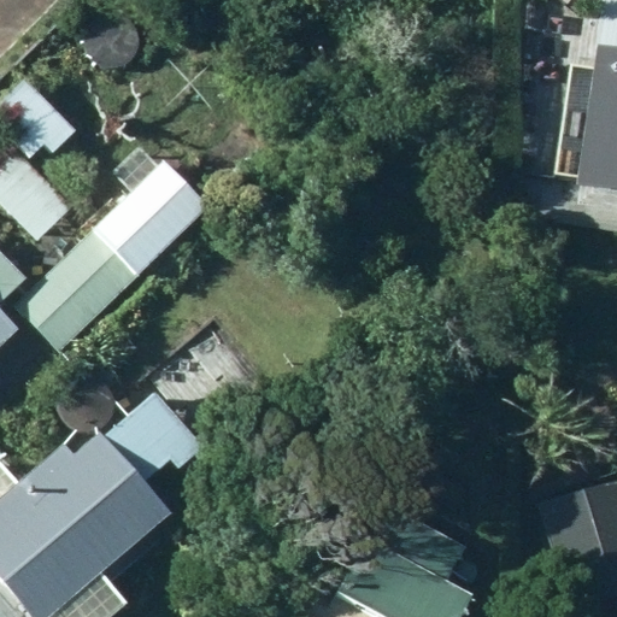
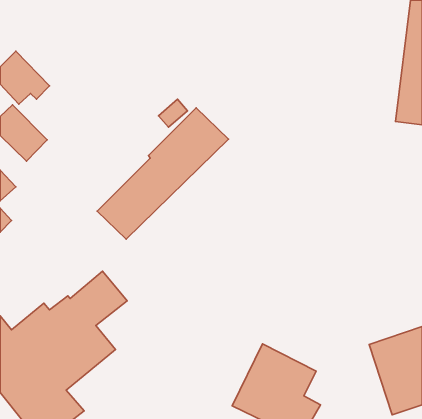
building: [17,159,208,351] -> [97,108,228,239]

